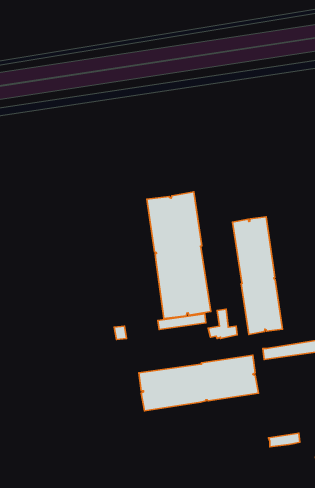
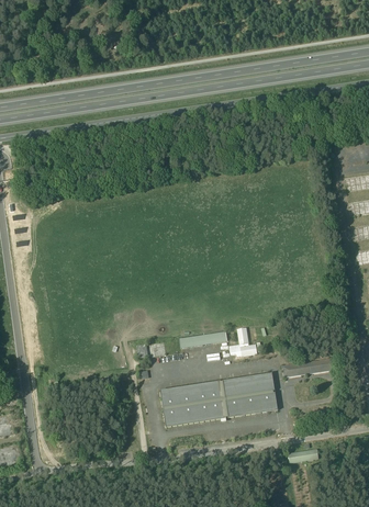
building: [147,192,211,318] -> none
building: [233,217,283,334] -> none

